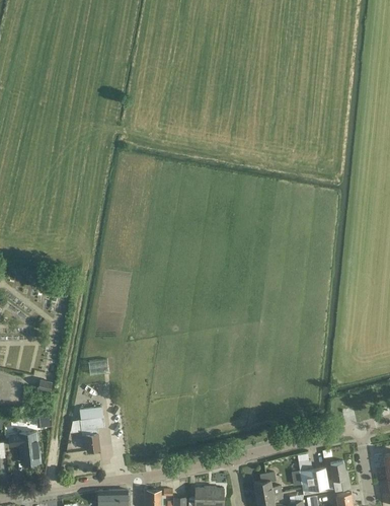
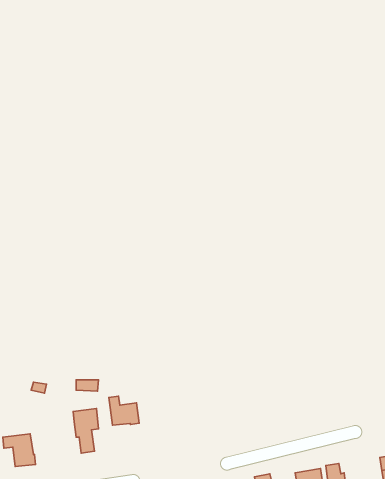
building: none -> [109,396,139,425]

